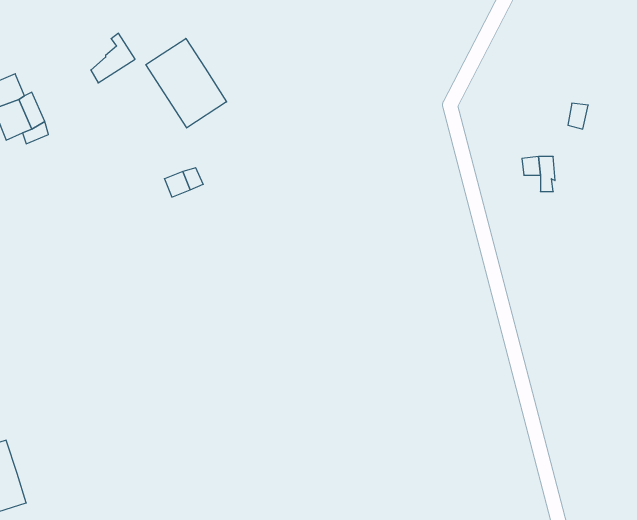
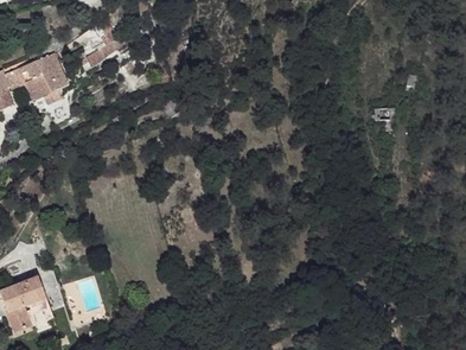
building: [146,38,227,128] -> none

